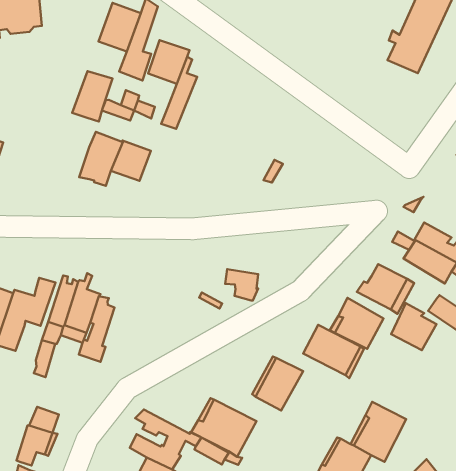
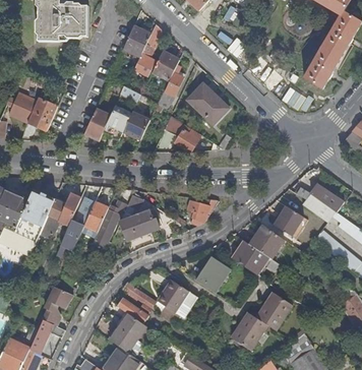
building: [72,71,112,122] -> [82,108,110,140]
building: none -> [187,82,227,123]
building: none -> [165,115,200,151]
building: none -> [120,208,159,240]
building: [391,303,437,350] -> none

